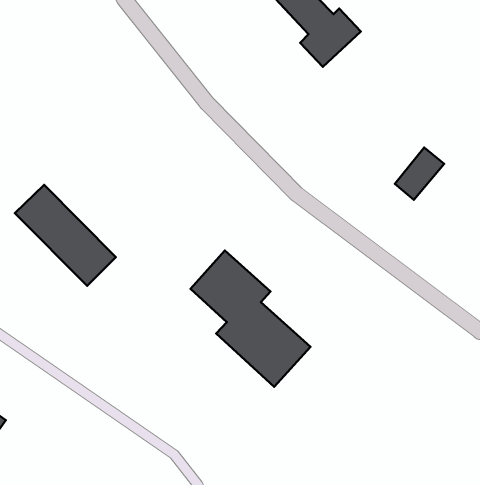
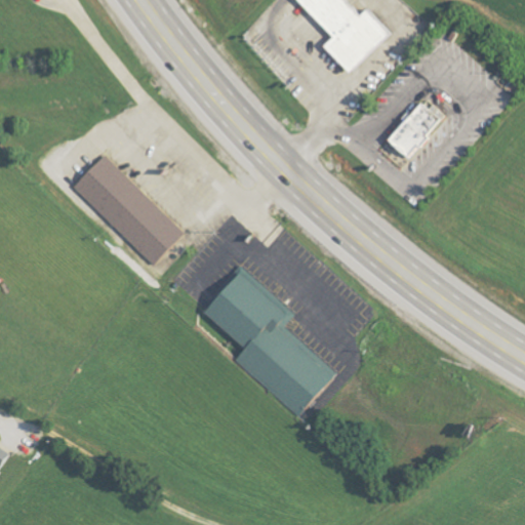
building: [395,147,444,200] -> [388,103,441,159]
building: [15,185,116,286] -> [73,155,181,264]

